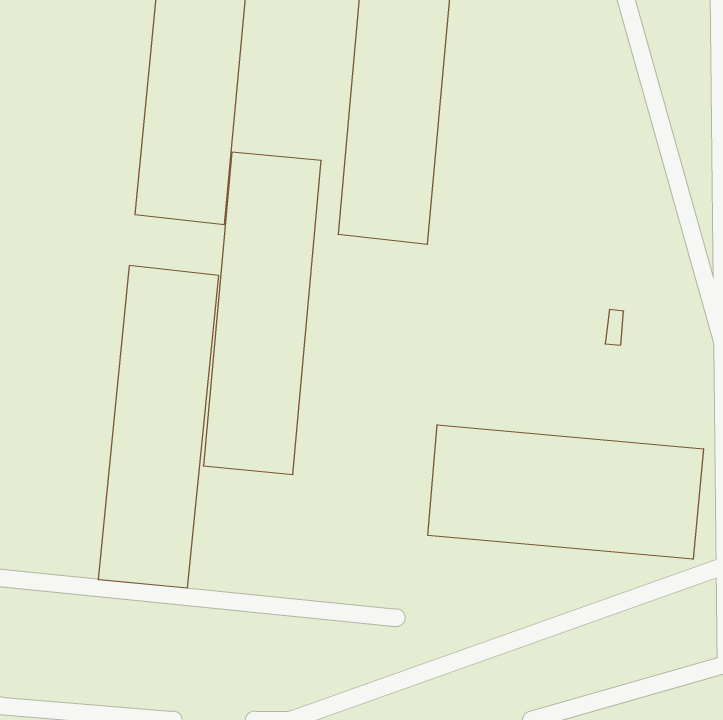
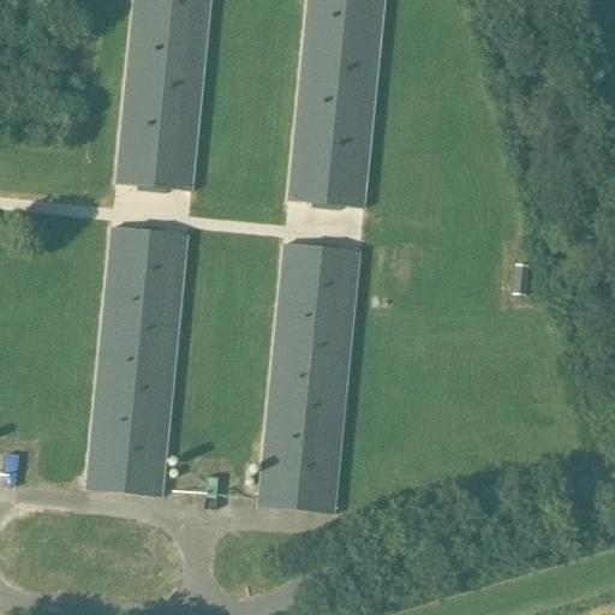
building: [203,152,321,474] -> [261,243,360,515]
building: [428,425,703,559] -> none

